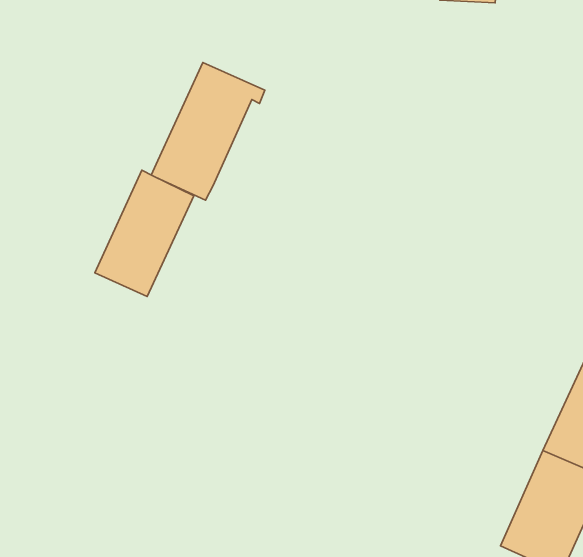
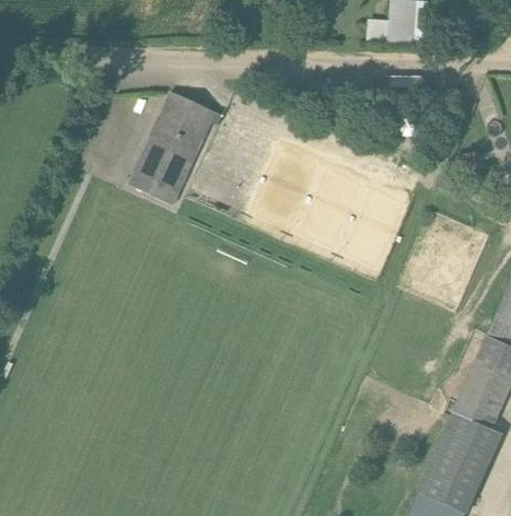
building: [95,170,194,297] -> none

